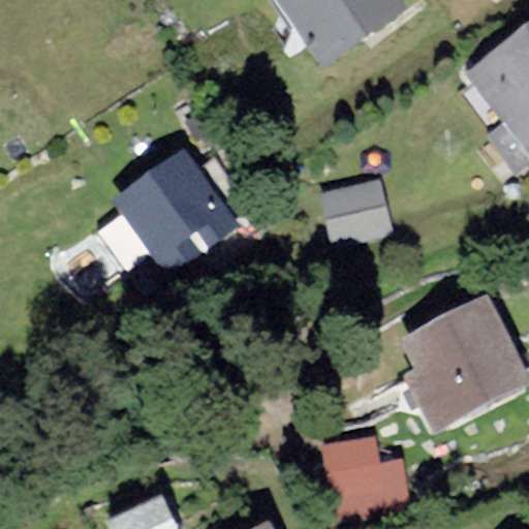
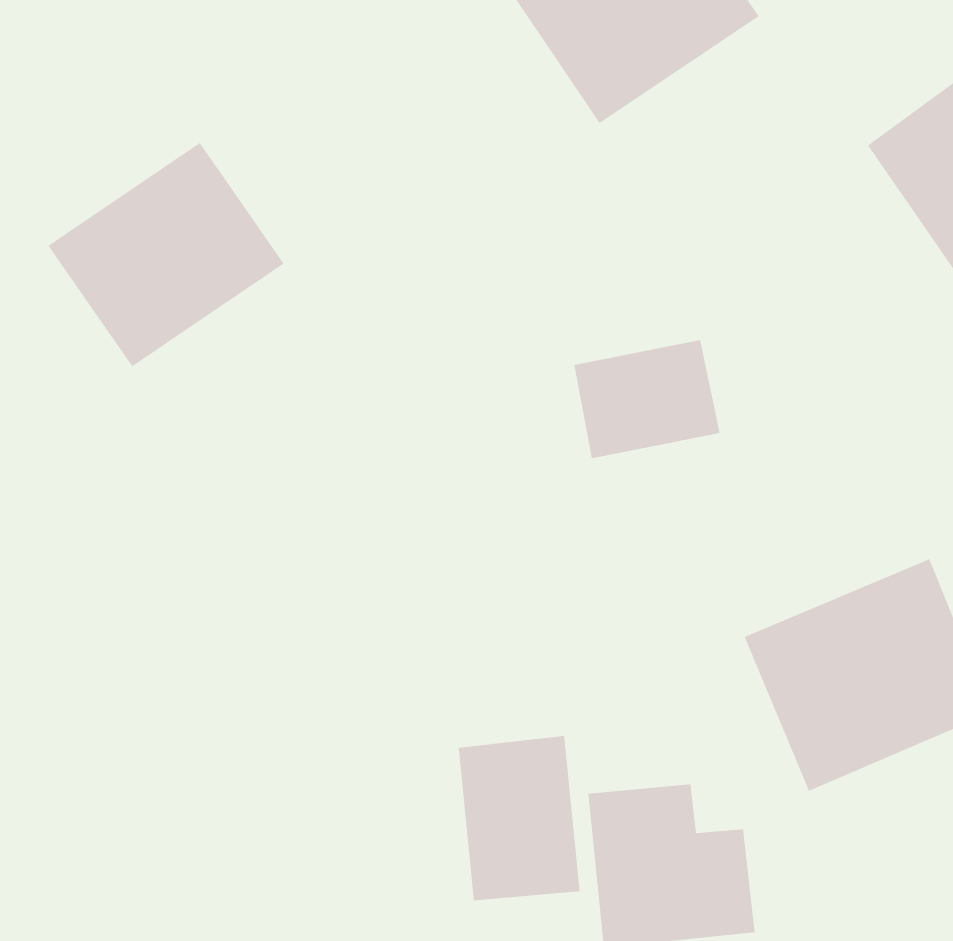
building: [100,163,225,282] -> [48,142,284,367]
building: none -> [458,735,580,901]

